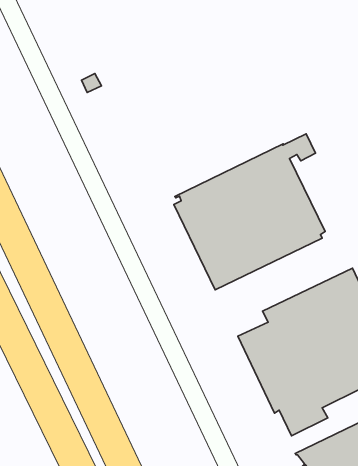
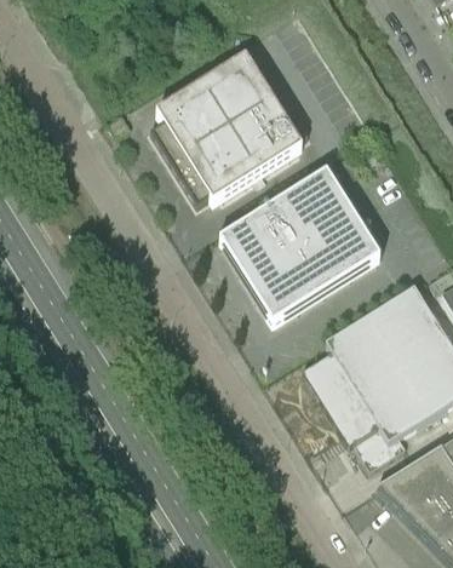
building: none -> [150,57,308,203]

